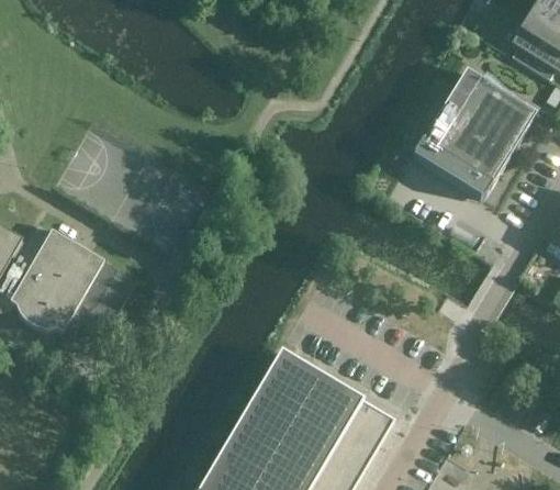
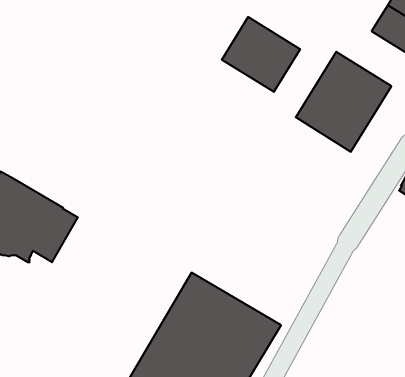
building: none -> [222,17,300,92]

